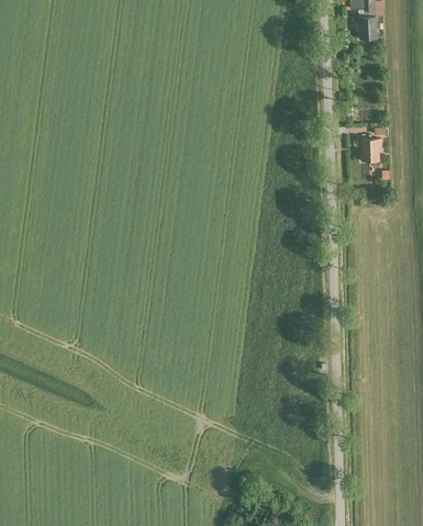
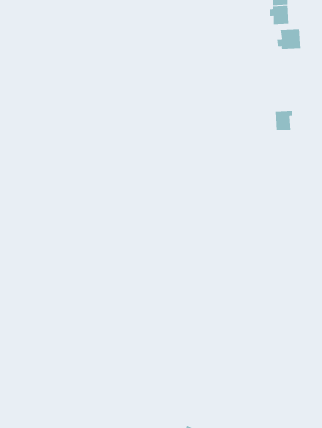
building: none -> [277,28,301,50]

